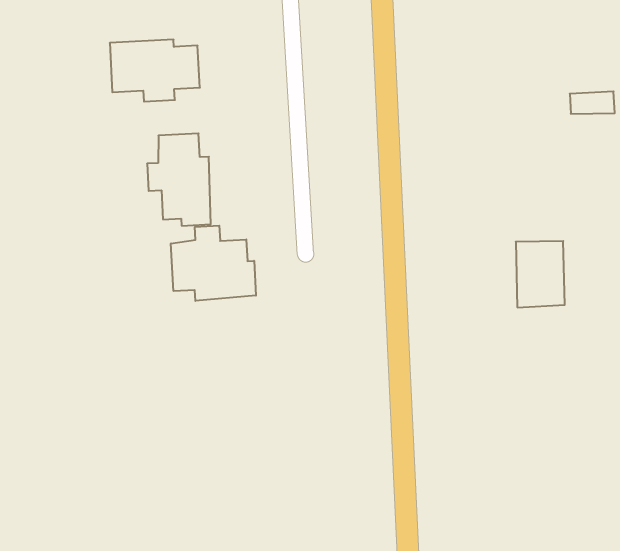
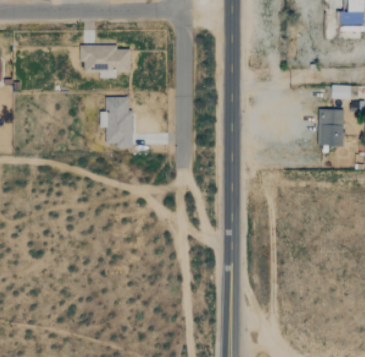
building: [171,226,256,301] -> none
building: [516,241,565,307] -> [317,109,344,145]

